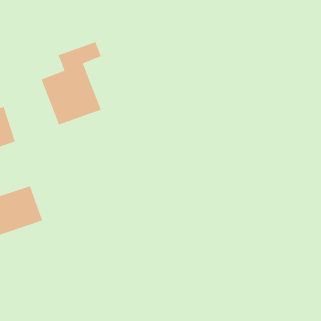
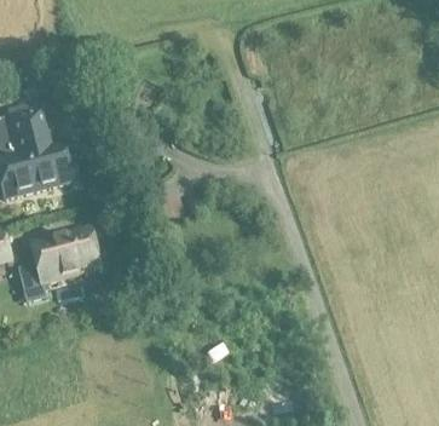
building: [41,41,102,126] -> none

